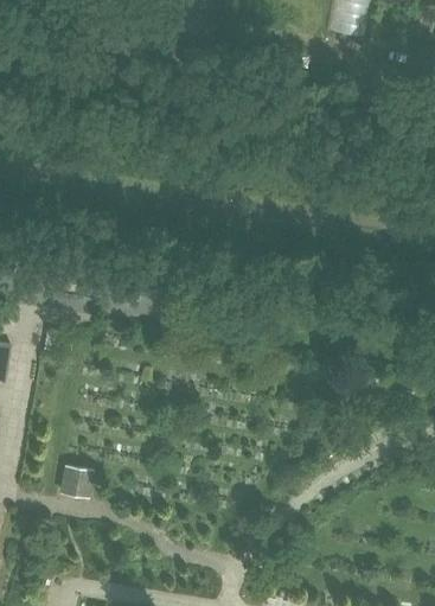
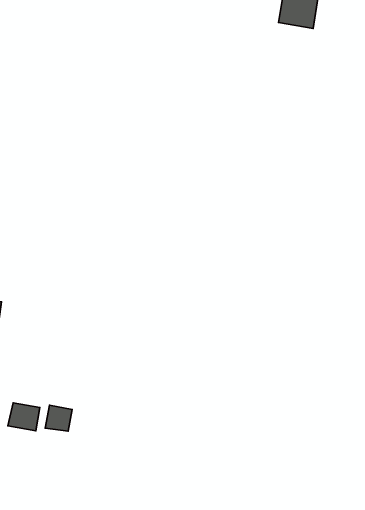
building: none -> [8,403,40,431]

